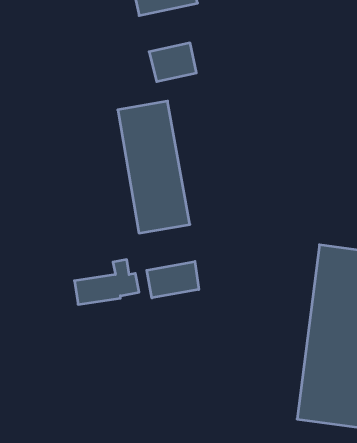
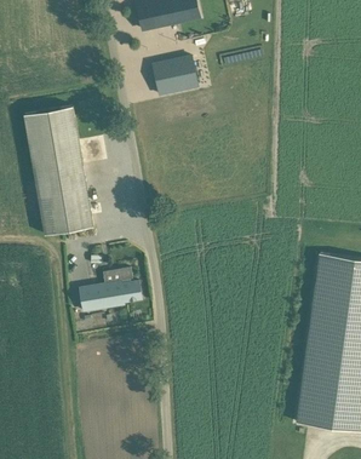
building: [118,101,190,233] -> [23,107,93,235]
building: [147,261,199,298] -> none

